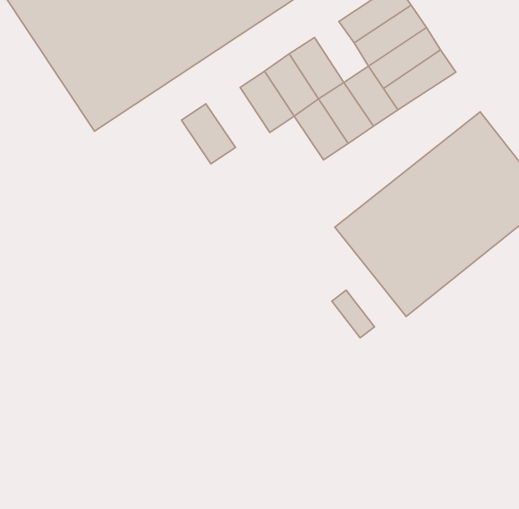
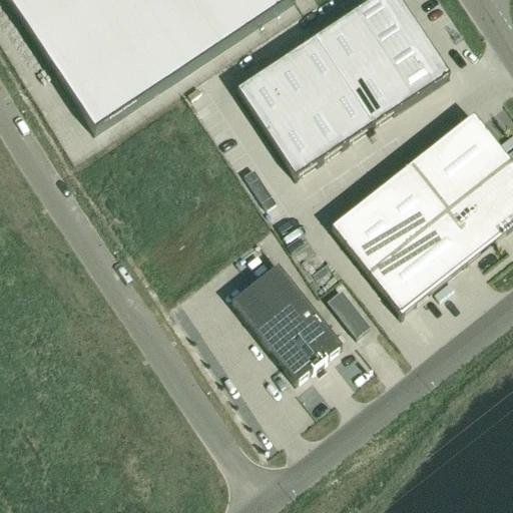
building: none -> [311,21,364,81]
building: [181,104,235,164] -> [267,114,320,173]
building: none -> [231,261,343,379]

